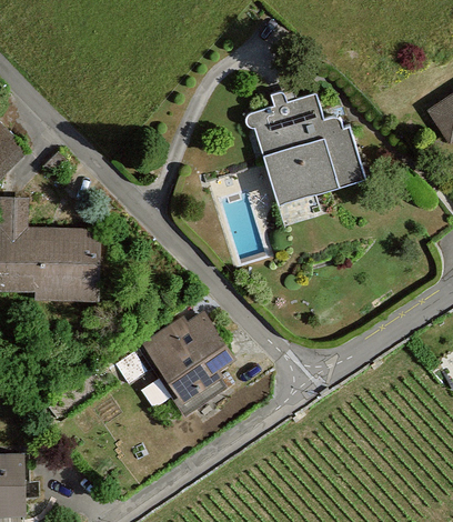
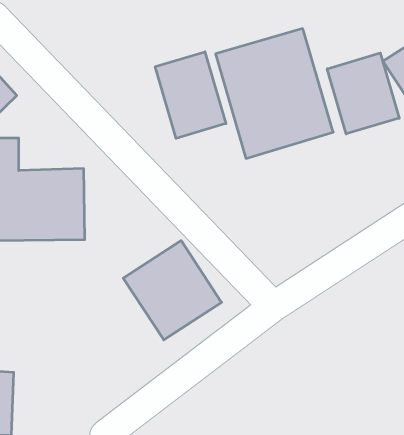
building: none -> [155,52,226,138]
building: none -> [327,53,399,134]

